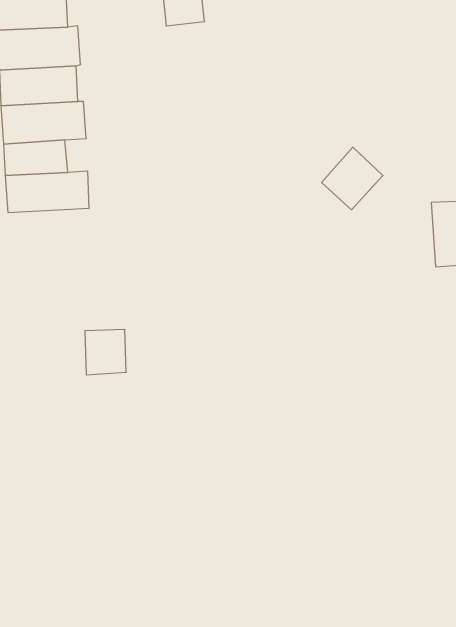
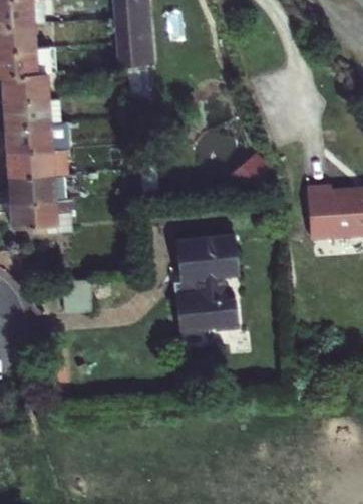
building: none -> [9,197,72,231]
building: none -> [172,235,237,332]

